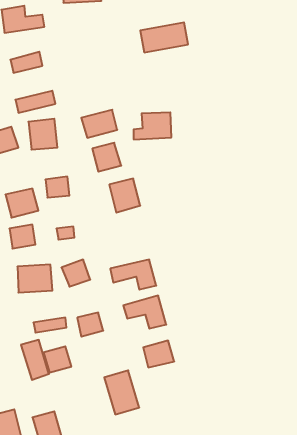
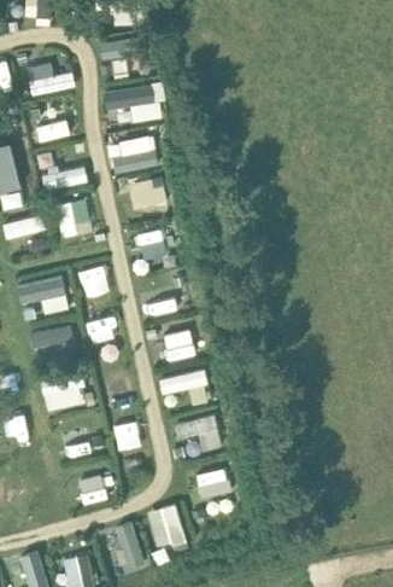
building: [140,22,188,52] -> [101,81,159,117]
building: [134,112,171,139] -> [111,136,157,169]
building: none -> [163,329,195,360]
building: [21,340,49,380] -> [113,521,147,569]

